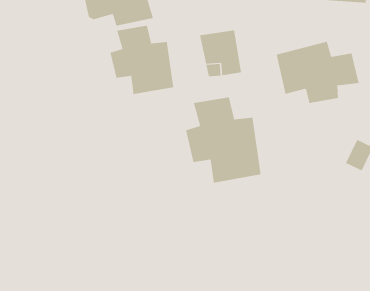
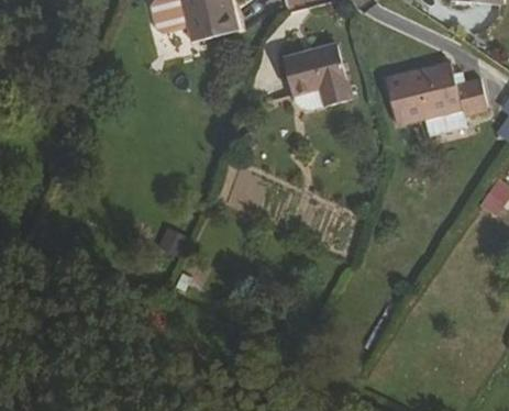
building: [110,25,174,95] -> none
building: [186,97,261,183] -> none

